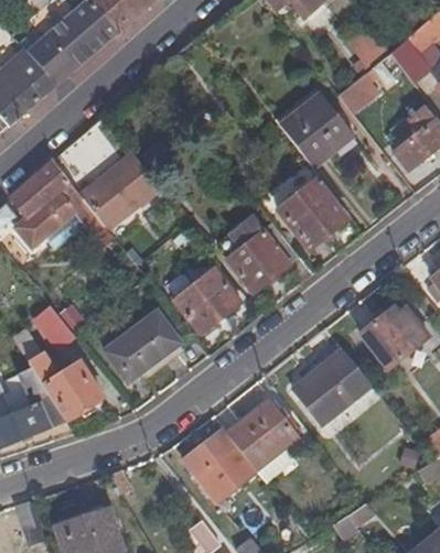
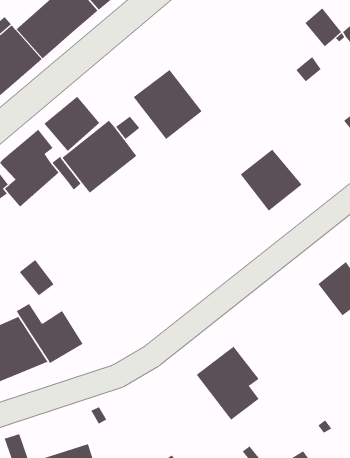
building: [277,93,354,171] -> [133,69,203,140]
building: [227,218,301,295] -> none
building: [173,269,242,335] -> none
building: [104,311,181,382] -> none
building: [293,347,371,422] -> none
building: [185,429,256,500] -> none

